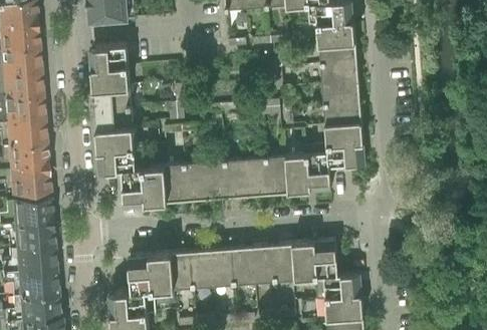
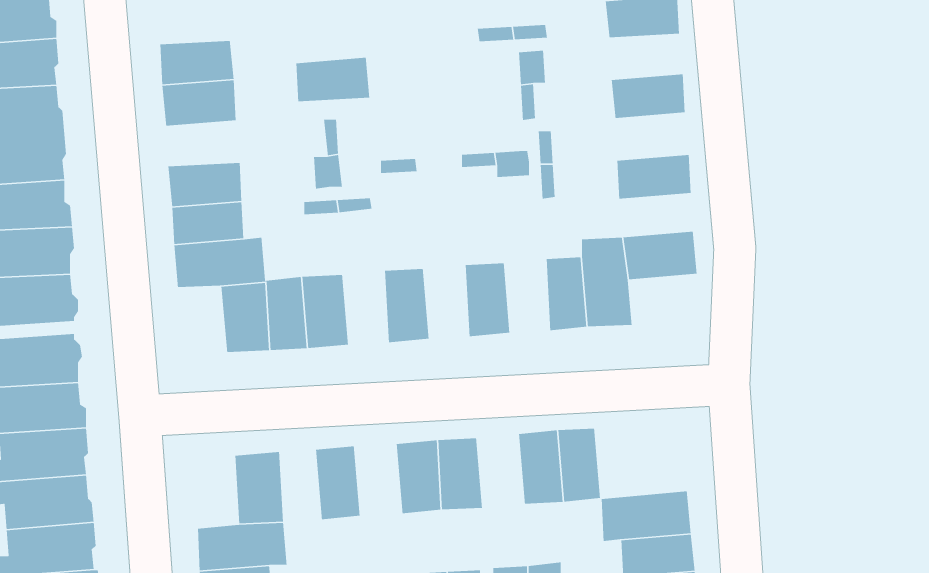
building: [320,43,358,66] -> none
building: [323,83,361,107] -> none
building: [94,87,133,110] -> [295,57,370,102]
building: [325,124,363,146] -> none
building: [267,157,290,196] -> none
building: [226,160,249,199] -> none
building: [185,163,208,202] -> none
building: [313,242,338,280] -> none
building: [253,247,277,285] -> none
building: [191,252,215,289] -> none
building: [153,255,175,307] -> none

